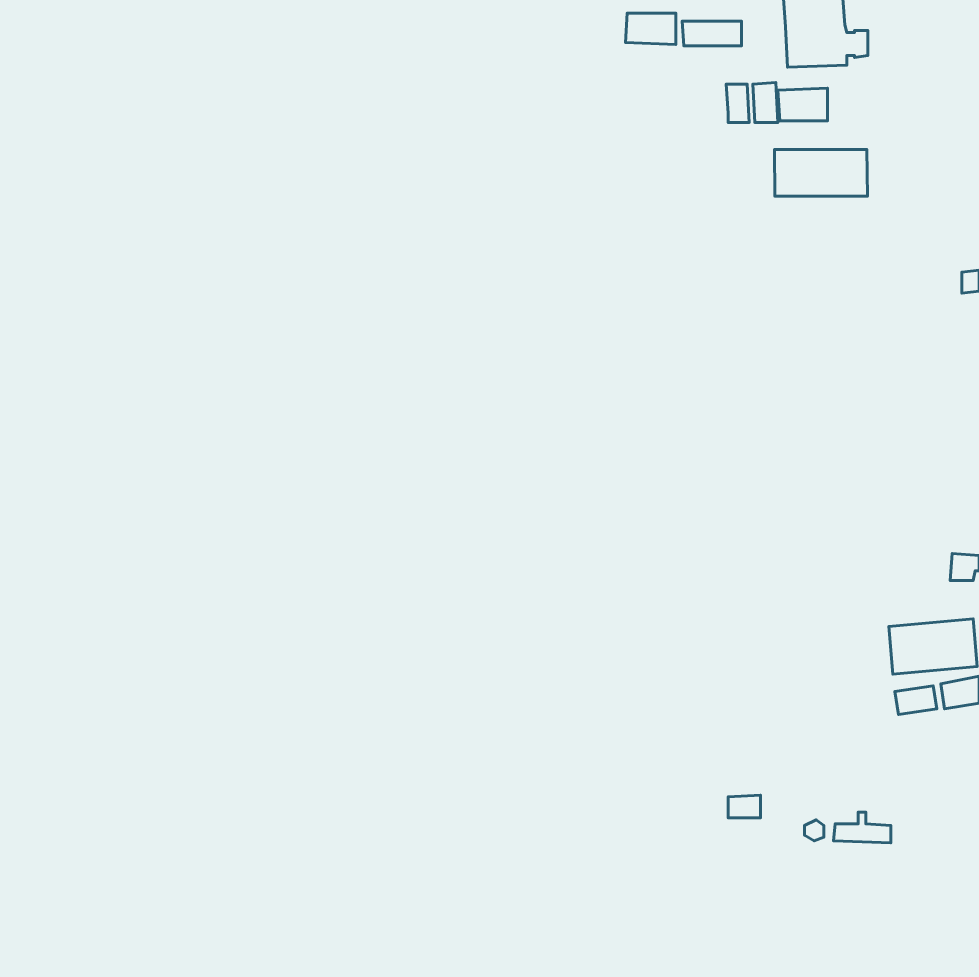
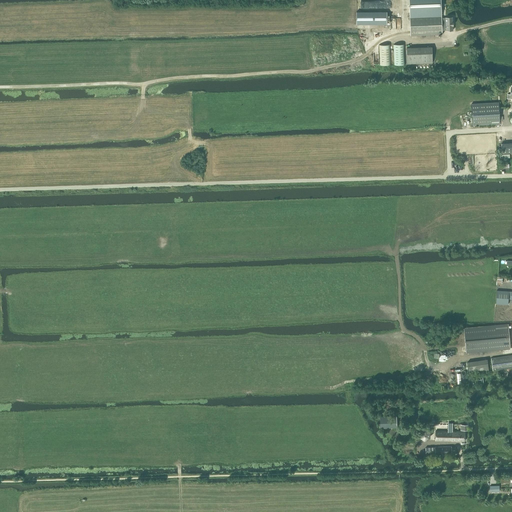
building: [625,13,676,44] -> none
building: [774,149,867,196] -> none
building: none -> [471,101,500,124]

